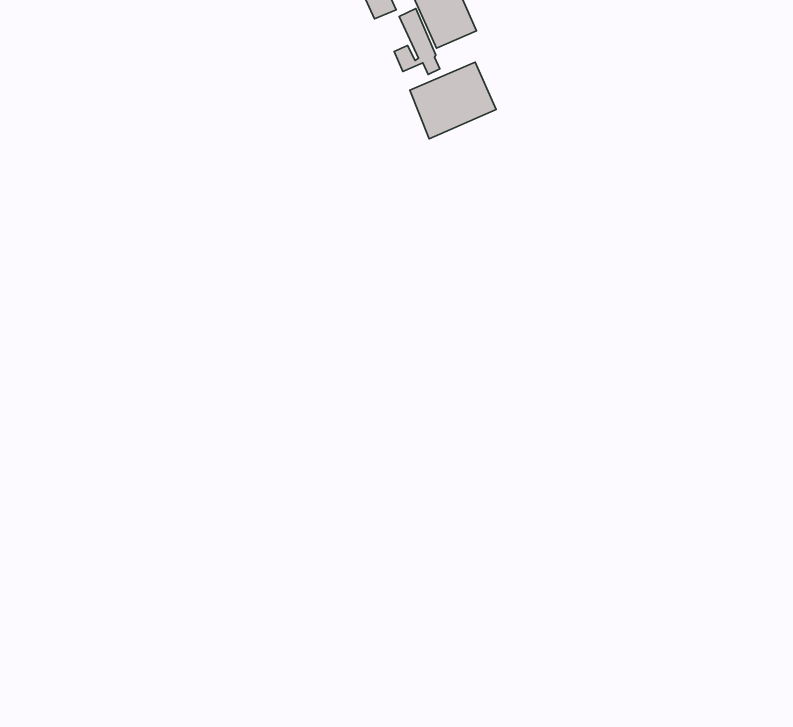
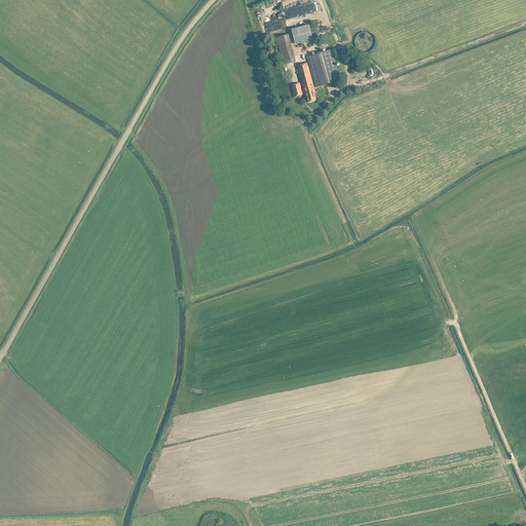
building: [410,62,496,139] -> none

